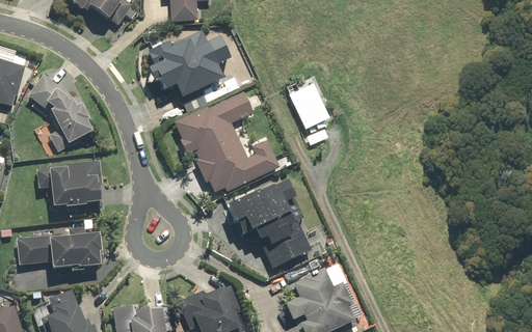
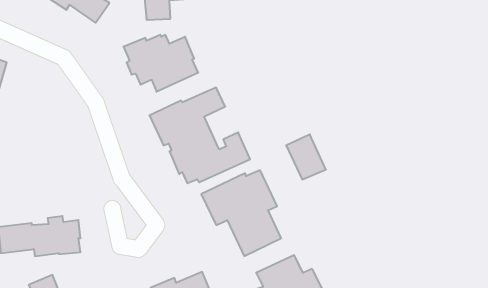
building: [27,74,95,151] -> none
building: [288,82,329,129] -> [286,134,326,179]
building: [34,160,103,205] -> none

